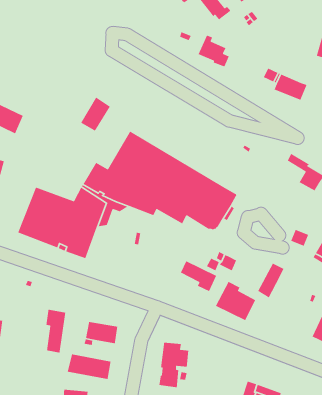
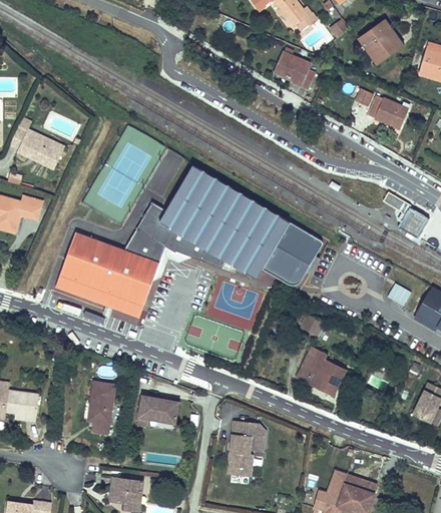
building: none -> [359,19,403,64]
building: [80,97,111,132] -> none
building: [180,260,217,292] -> none
building: [257,263,284,298] -> none
building: [67,353,112,380] -> none

